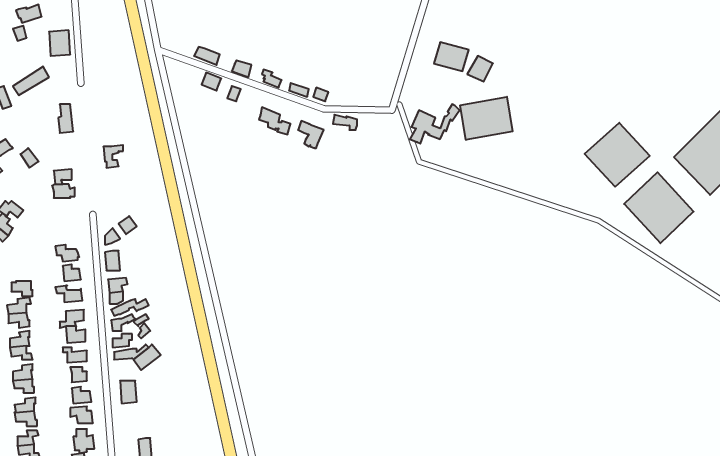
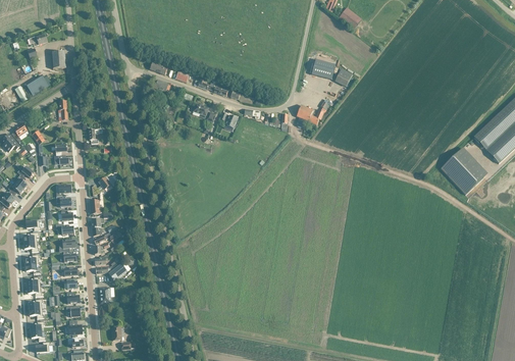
building: [460,97,513,140] -> none
building: [585,123,650,187] -> none

